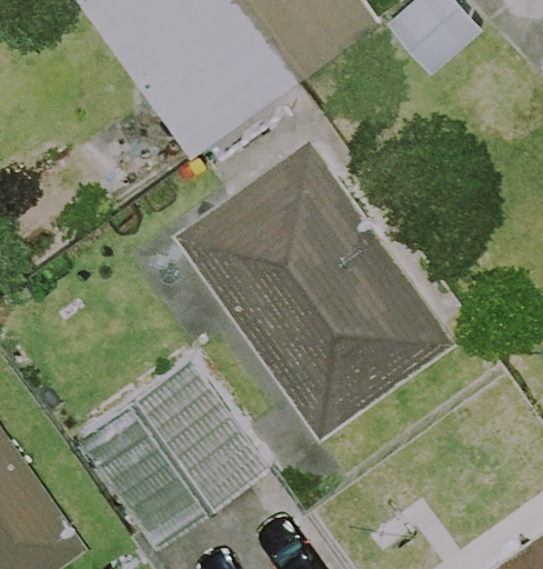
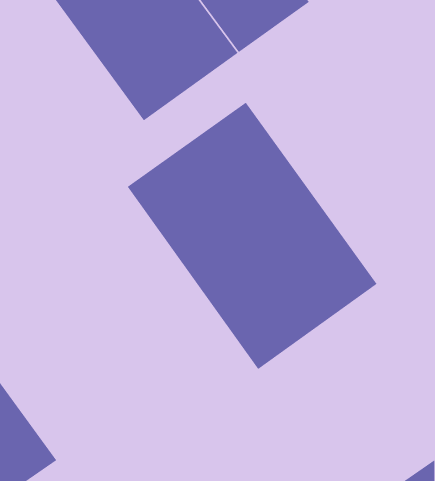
building: [82,363,271,550] -> none

